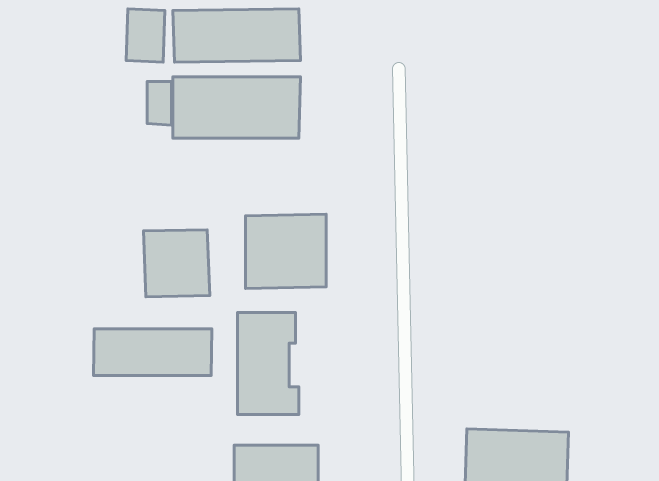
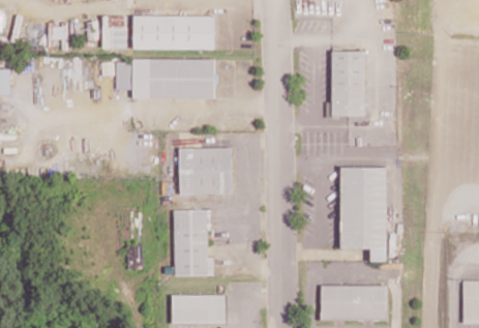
building: none -> [330,51,364,116]
building: [143,230,210,297] -> none
building: none -> [339,167,386,262]
building: [93,329,212,376] -> none

